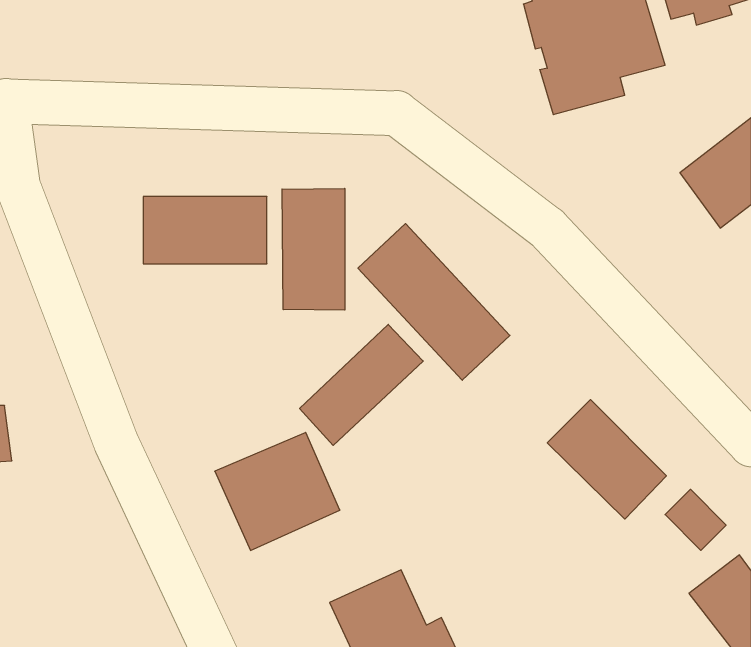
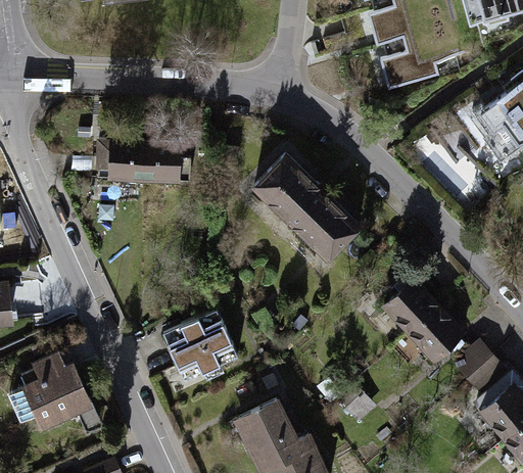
building: [282,188,345,310] -> none
building: [300,324,423,445] -> none
building: none -> [23,363,92,426]

